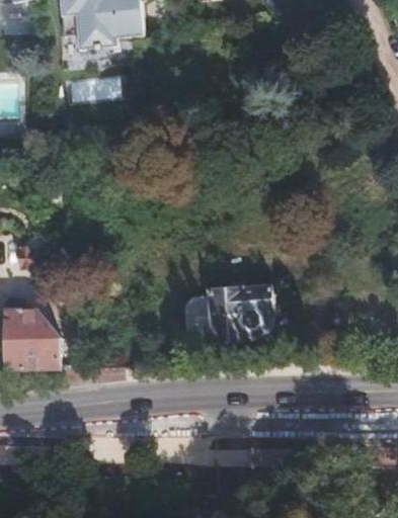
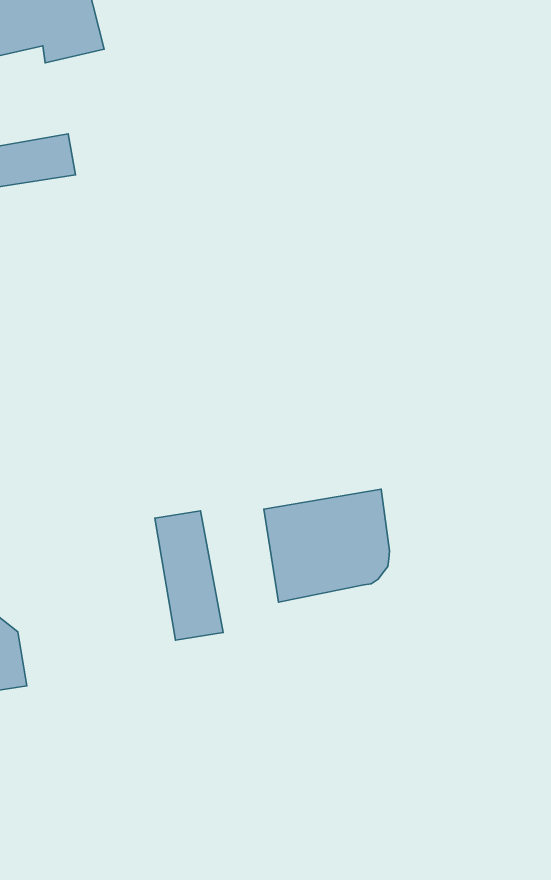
building: none -> [155,511,223,640]

